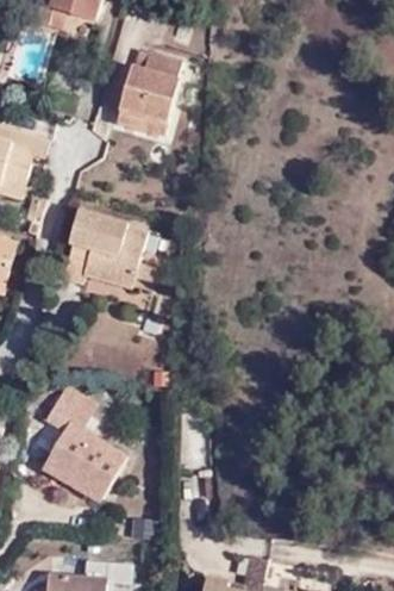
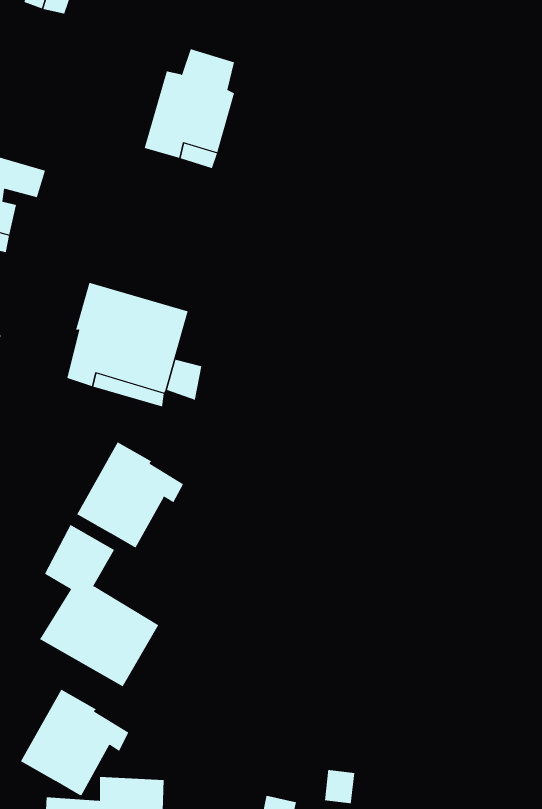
building: none -> [76,441,184,548]
building: none -> [20,689,129,796]

